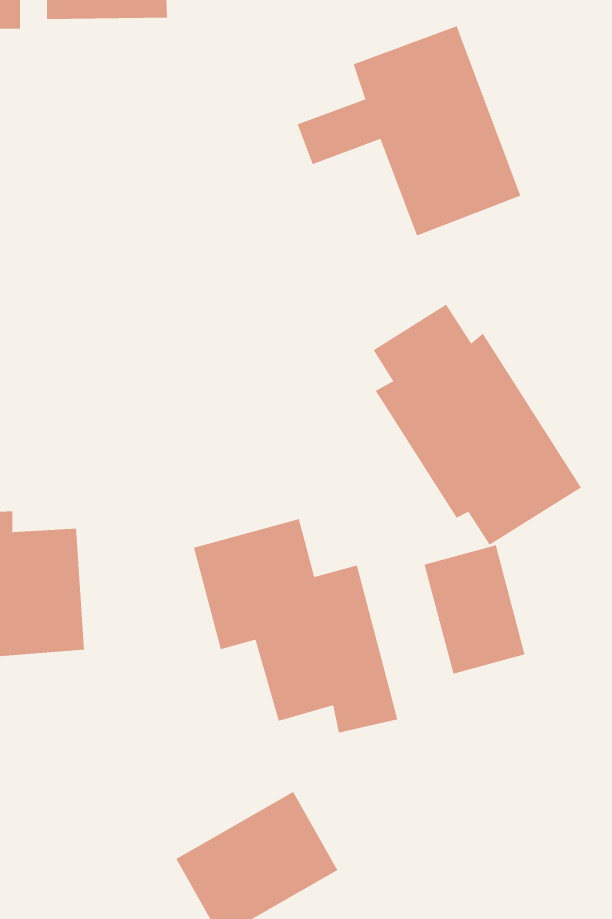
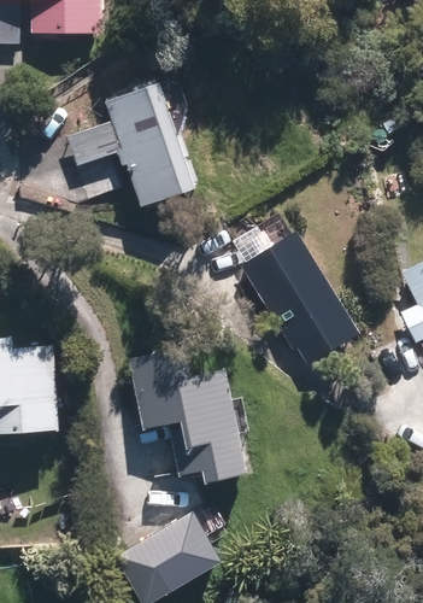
building: [297,26,521,236] -> [69,77,208,209]
building: [424,544,525,675] -> none

